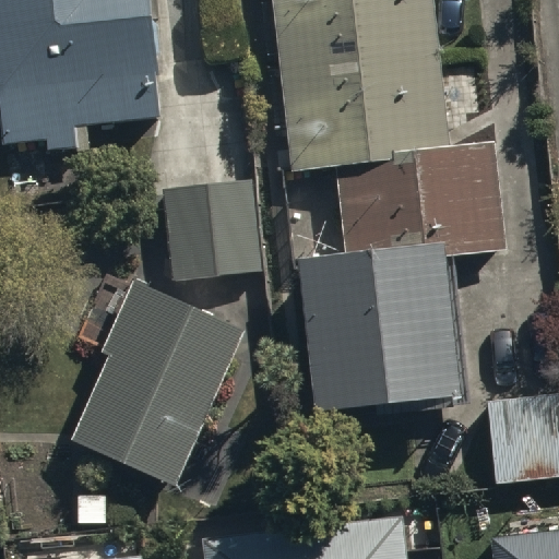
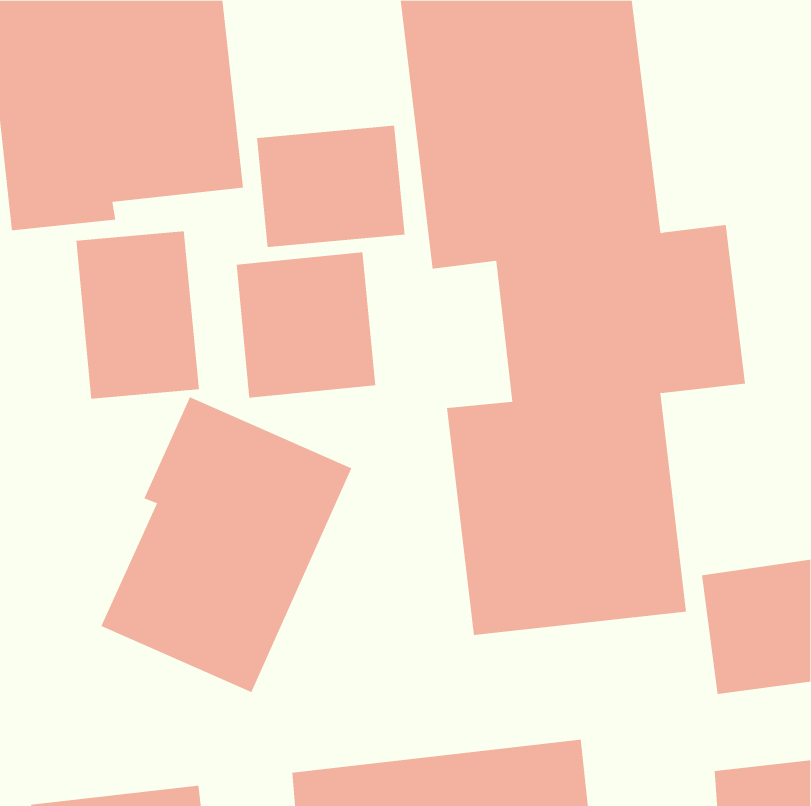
building: none -> [257,125,405,248]
building: none -> [76,231,199,400]

